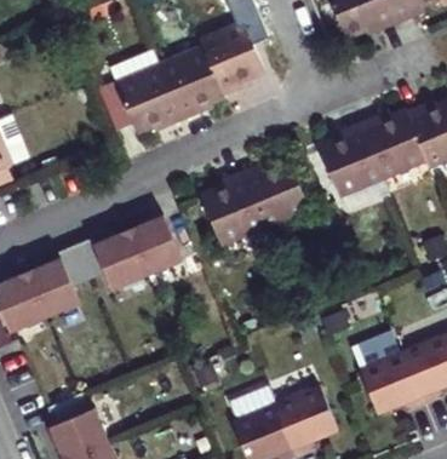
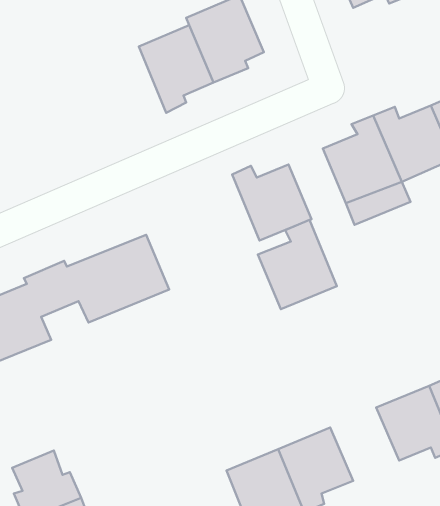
building: [98,45,184,130] -> none
building: [196,170,263,245] -> [258,220,337,309]

